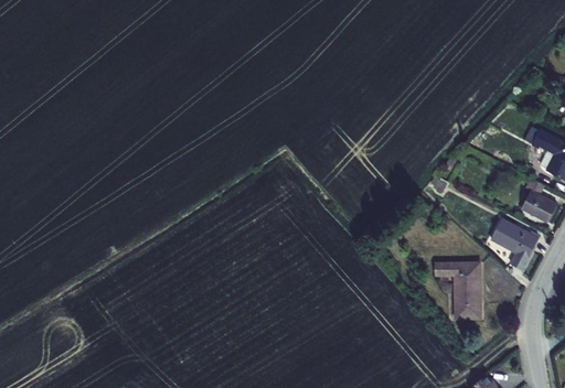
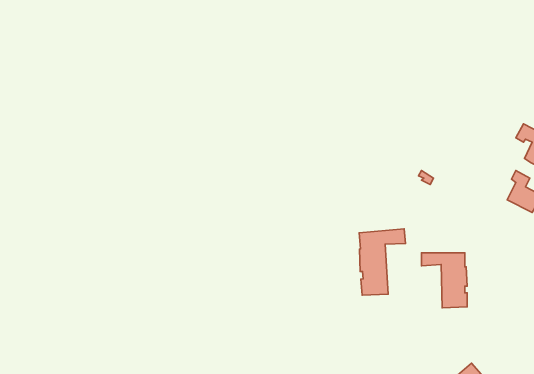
building: [491,219,539,270] -> none
building: none -> [359,229,405,295]

